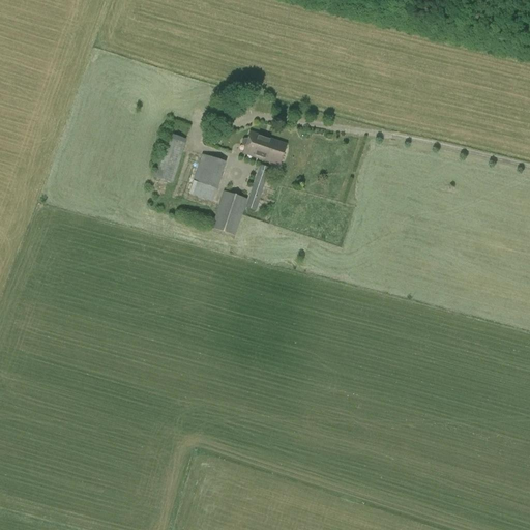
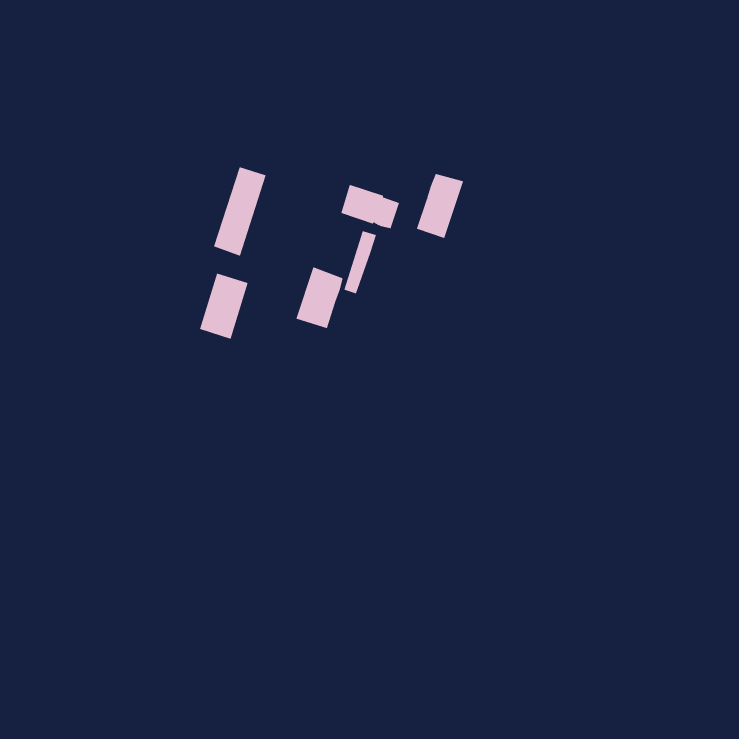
building: none -> [416,173,464,239]
building: [190,153,226,201] -> [199,273,248,339]

